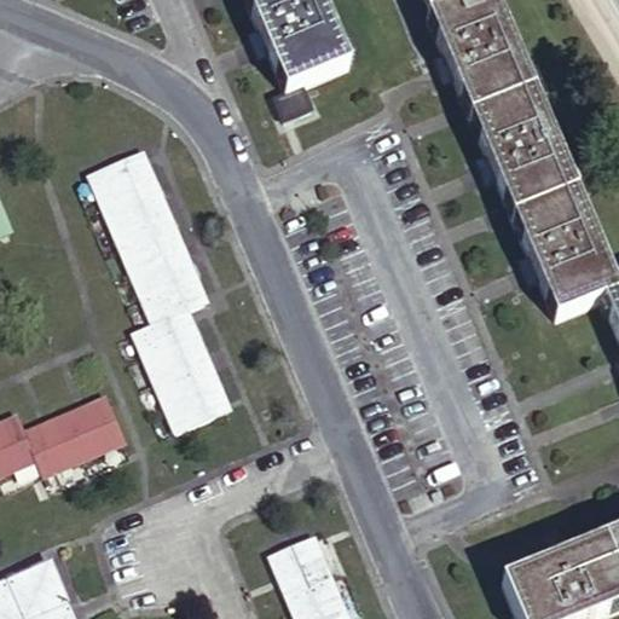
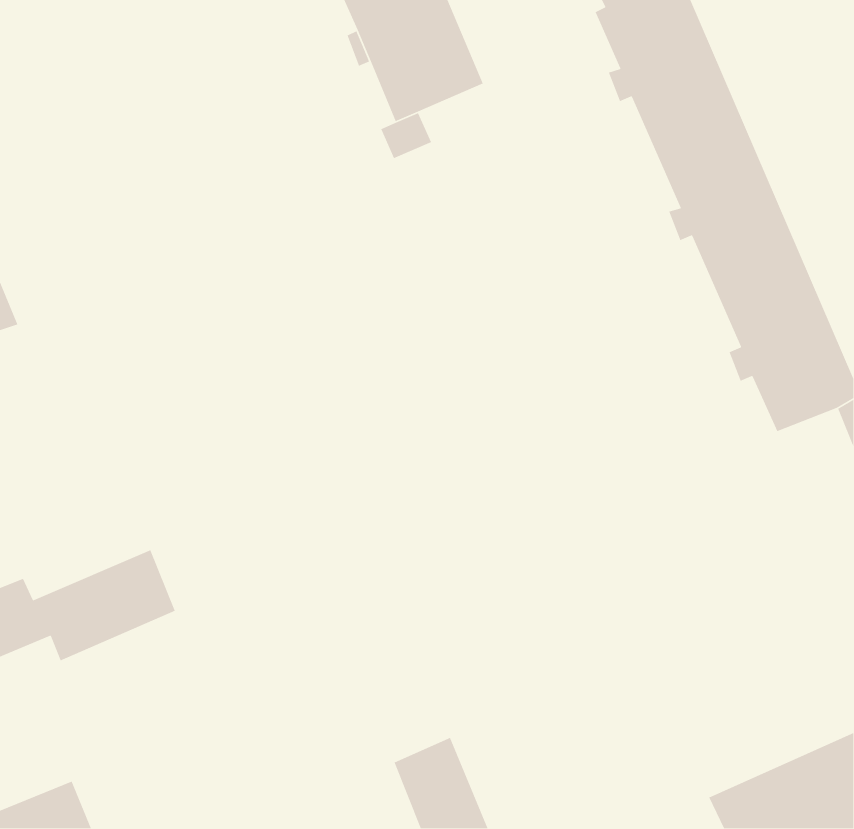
building: [91,155,227,432] -> none

